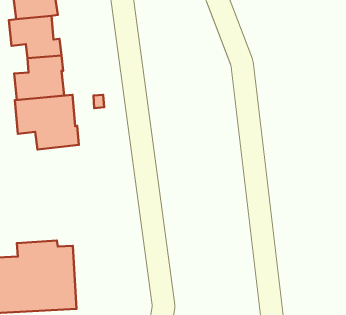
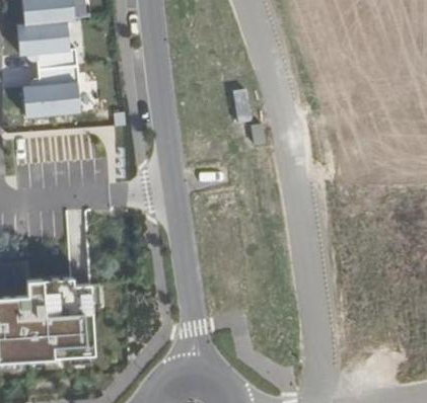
building: [15,95,79,149] -> none

